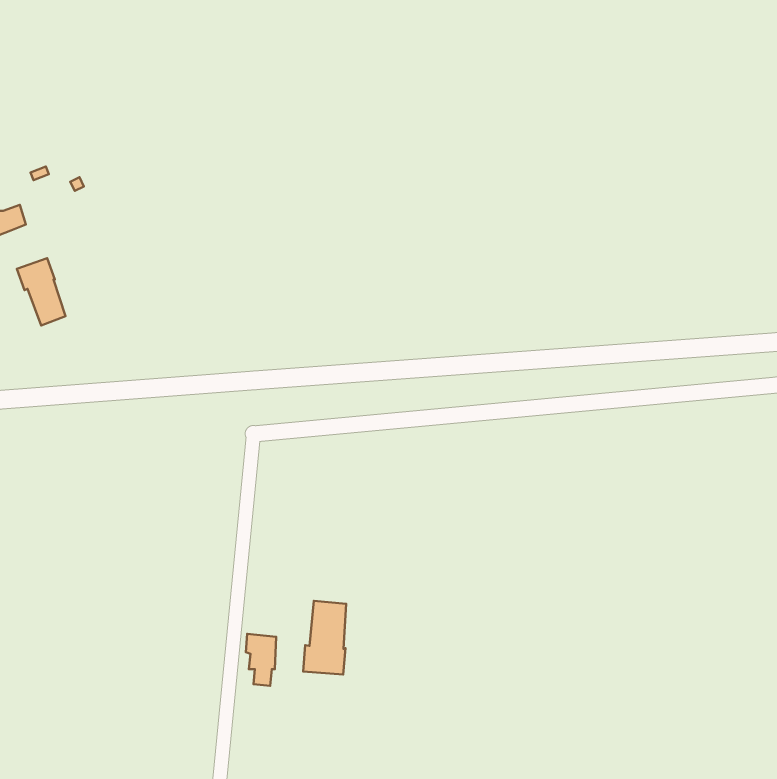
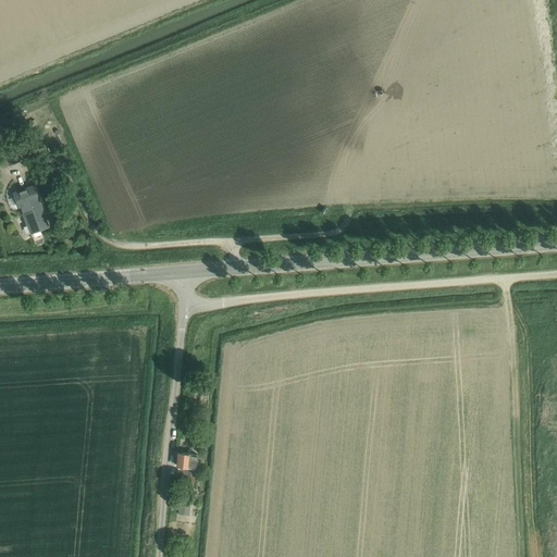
building: [303,601,346,675] -> none

